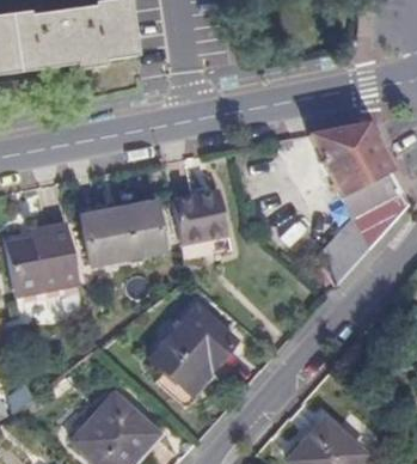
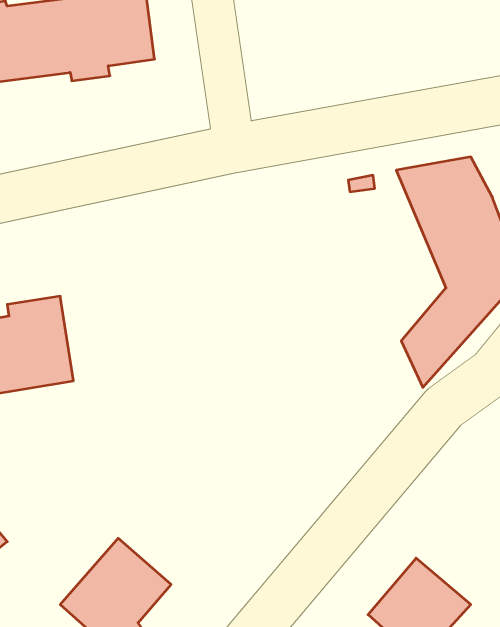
building: [172,190,227,242] -> none
building: [81,204,165,265] -> none
building: [148,307,232,390] -> none

